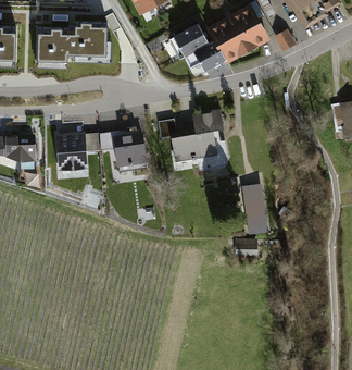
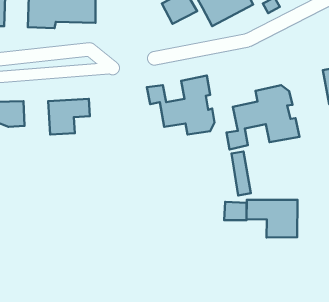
building: [184,40,224,70] -> none
building: none -> [226,85,299,149]
building: [99,127,146,171] -> none
building: none -> [247,200,298,237]

